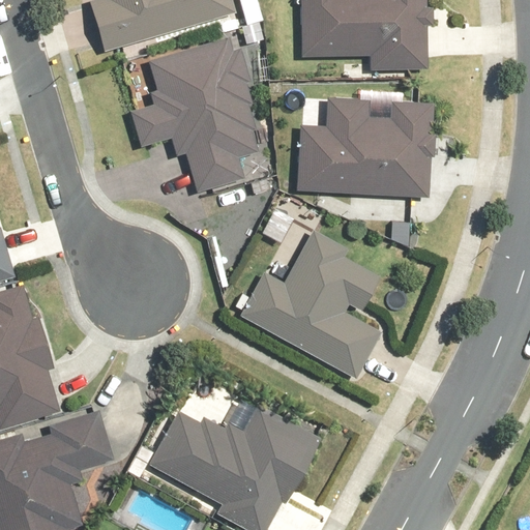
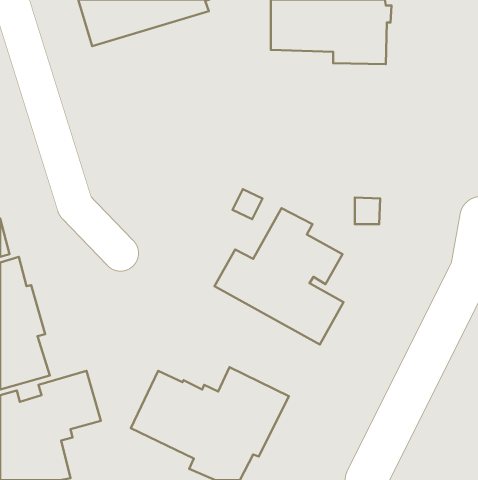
building: [130,36,261,194] -> none
building: [297,97,436,196] -> none

